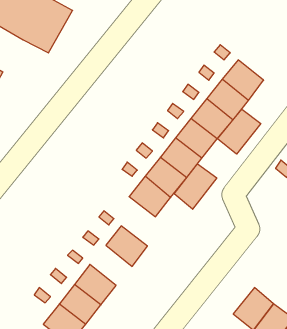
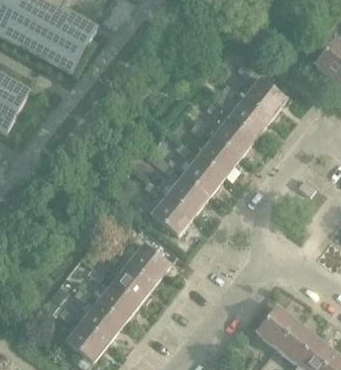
building: [217,109,261,154] -> none
building: [174,164,217,209] -> none
building: none -> [113,263,155,303]

